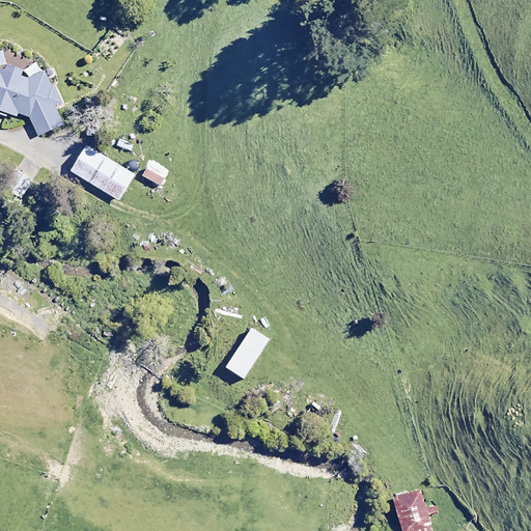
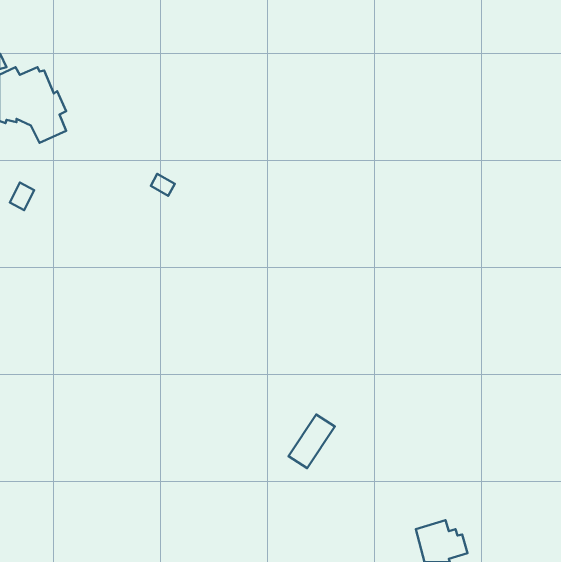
building: [69,144,134,199] -> none
building: [224,328,268,379] -> [289,414,335,468]

